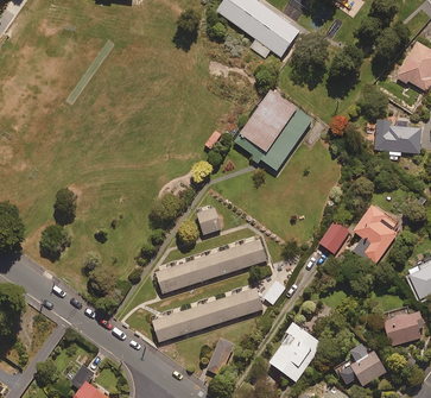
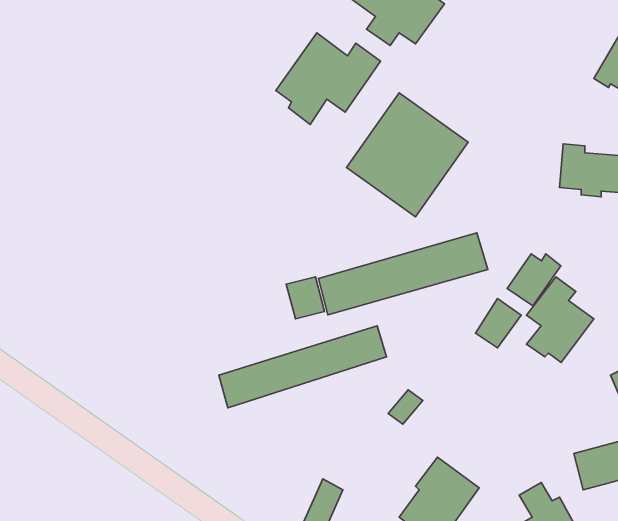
building: none -> [276,33,381,124]
building: none -> [507,254,561,306]
building: [151,285,261,339] -> [319,233,488,315]

